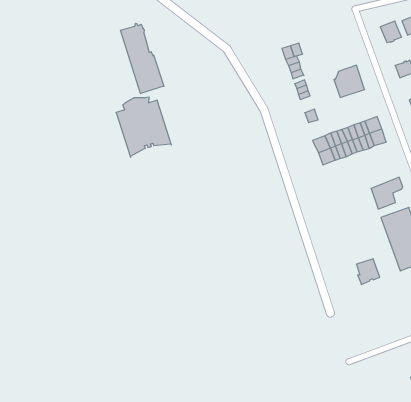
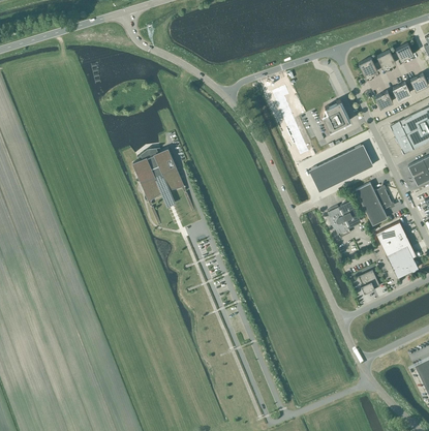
building: [120,23,164,94] -> none
building: none -> [355,183,388,208]
building: none -> [327,201,360,238]

